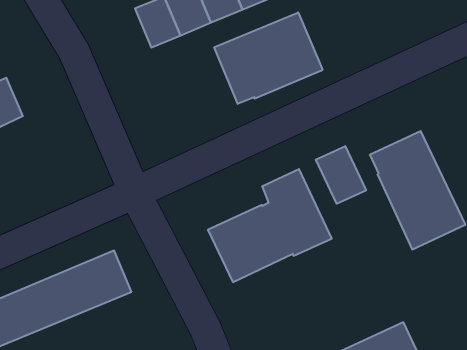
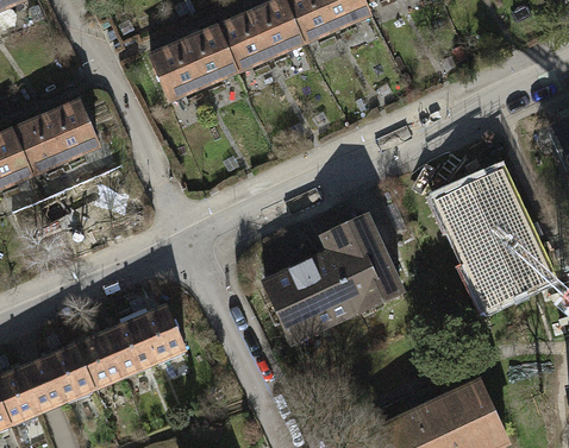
building: none -> [150,40,204,99]
building: [214,12,322,104] -> none
building: none -> [45,101,99,158]
building: [316,146,366,204] -> none

